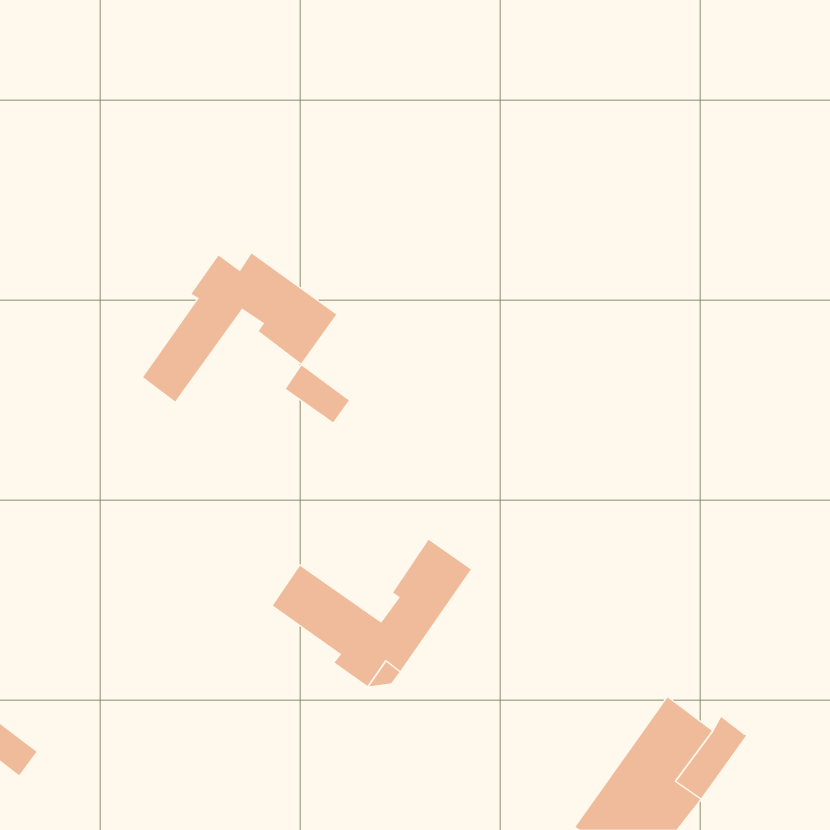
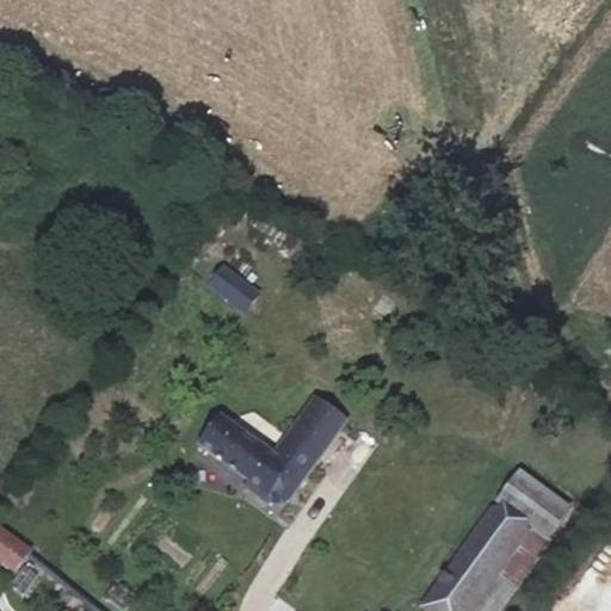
building: [142,252,337,402] -> none
building: none -> [496,471,568,538]

